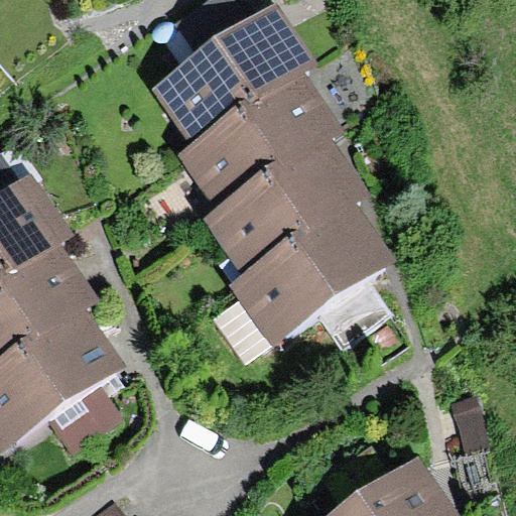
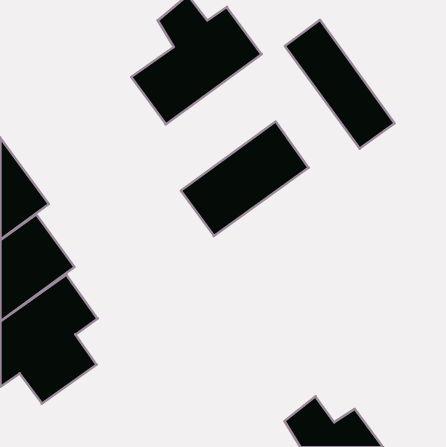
building: none -> [285,20,394,149]
building: [182,71,335,207] -> none
building: [242,202,395,348] -> none

